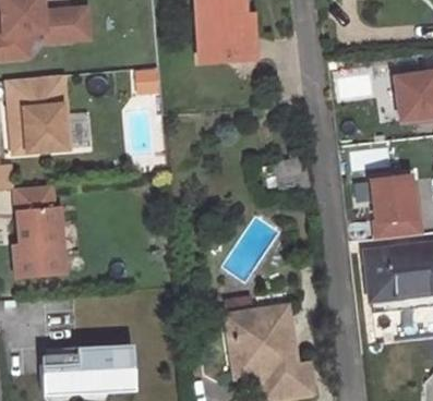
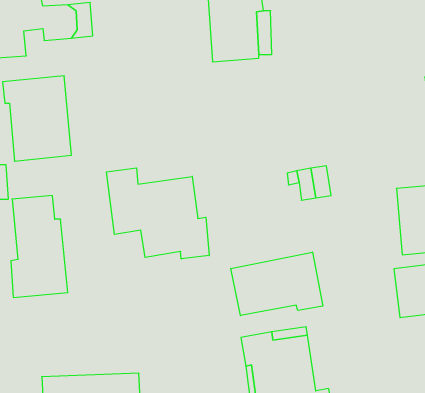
building: none -> [106,168,209,259]
building: none -> [231,252,323,316]

